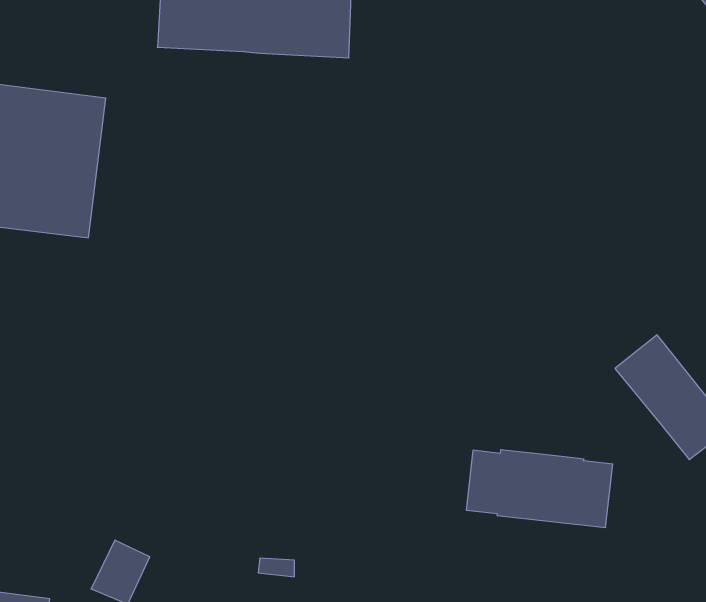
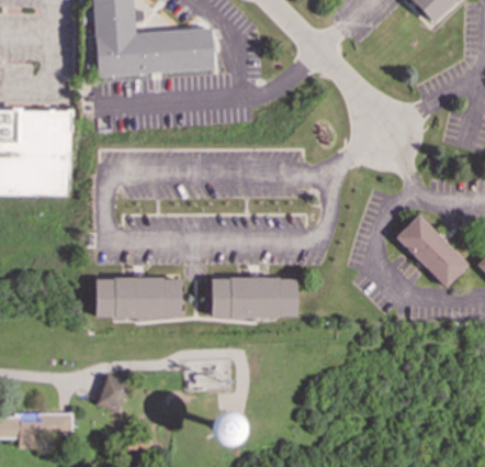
building: none -> [95,278,181,318]
building: [466,450,613,528] -> [213,278,297,318]

